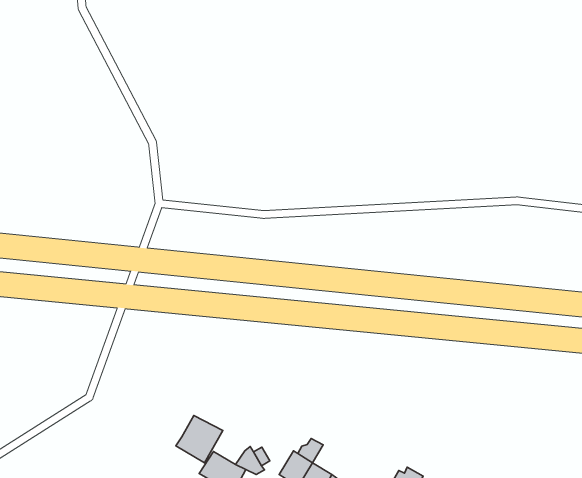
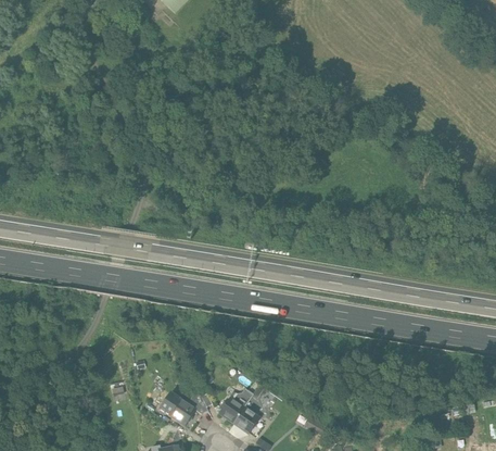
building: [176,415,223,463] -> none

